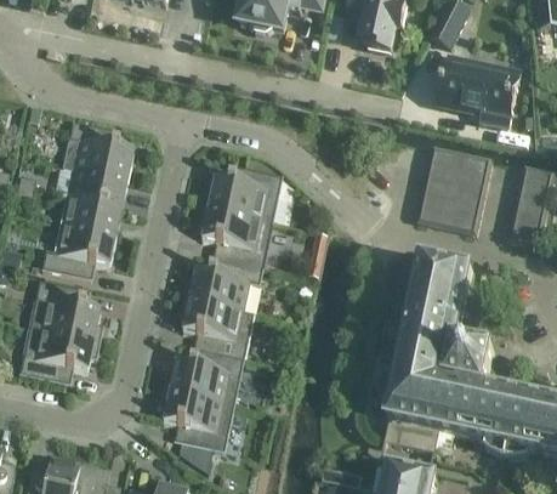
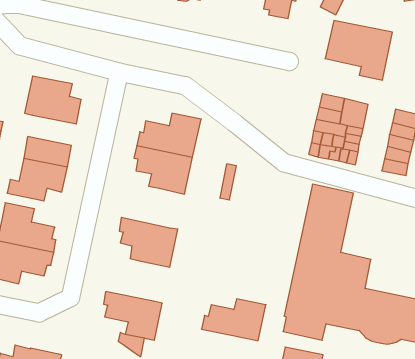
building: [66,170,126,208] -> none
building: [182,261,261,311] -> none
building: [163,352,243,404] -> [201,299,266,341]

